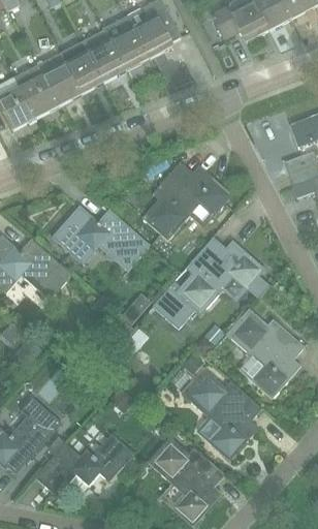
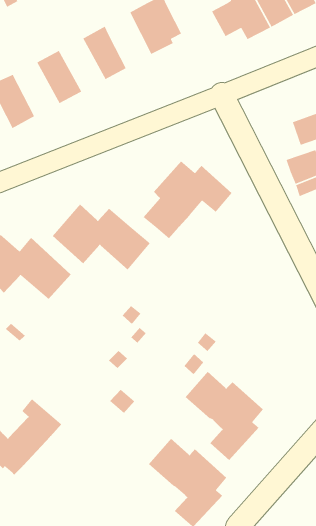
building: [103,14,150,70] -> none
building: [59,40,104,93] -> none
building: [13,64,59,118] -> none
building: [151,236,263,328] -> none
building: [225,307,304,391] -> none
building: [34,432,134,496] -> none

